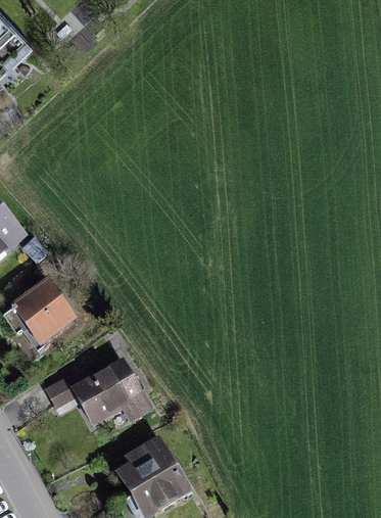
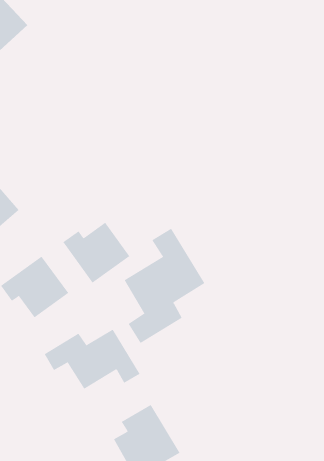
building: none -> [62,222,130,283]
building: none -> [124,228,205,344]

